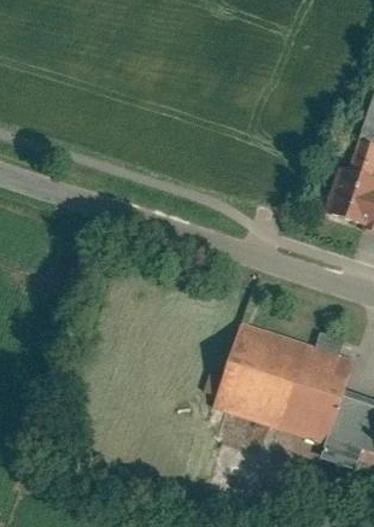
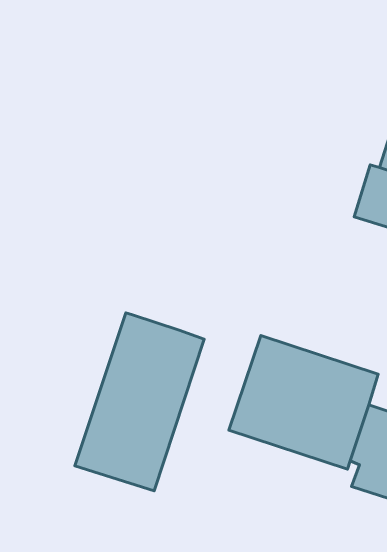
building: none -> [75,313,204,491]

